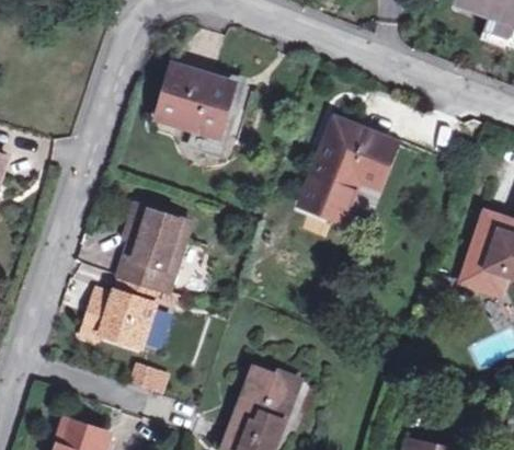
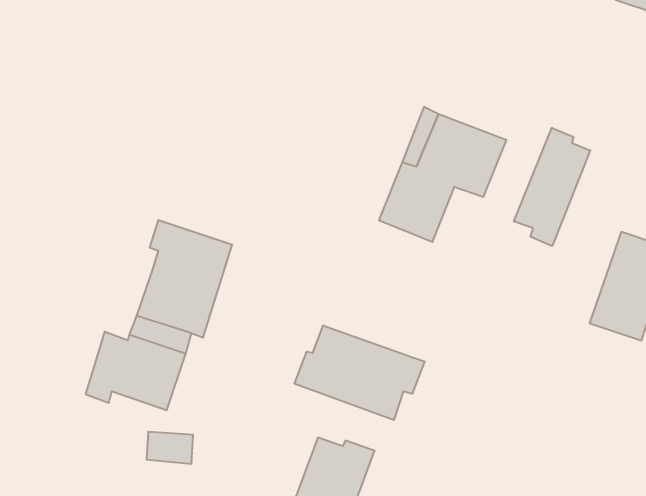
building: [156,65,244,139] -> none
building: none -> [514,128,590,246]
building: none -> [294,325,425,420]

